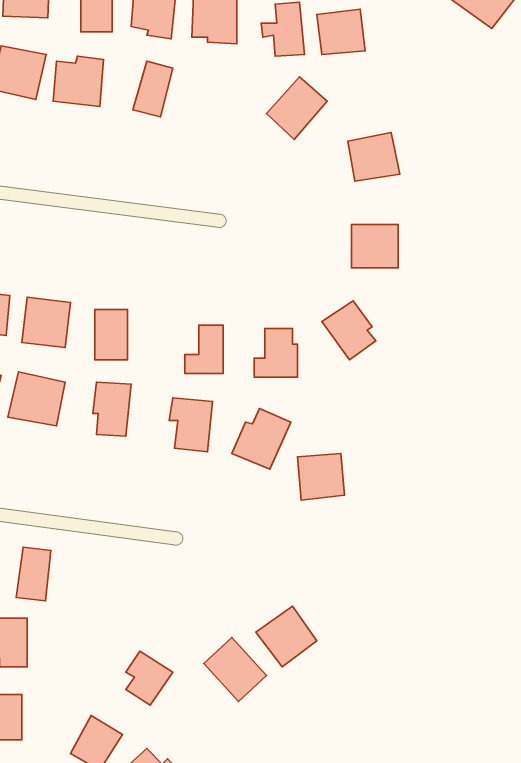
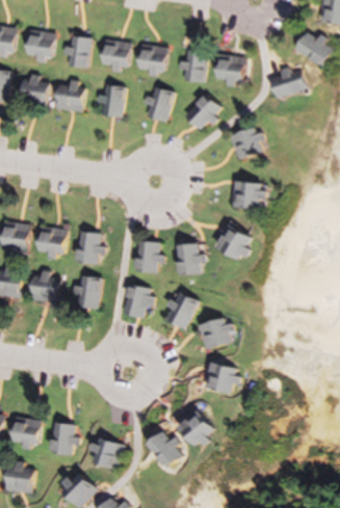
building: none -> [270,66,299,91]
building: none -> [143,87,174,122]
building: none -> [205,362,239,395]
building: [16,547,51,601] -> [56,423,77,455]

